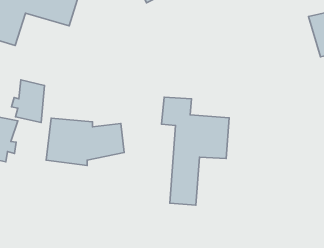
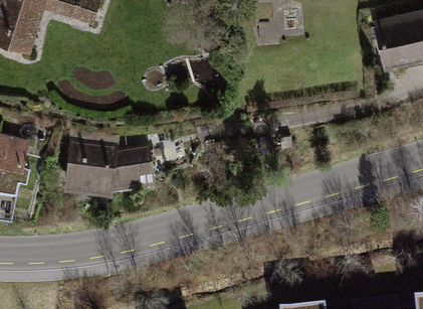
building: [11,80,45,122] -> none
building: [162,97,229,205] -> none

